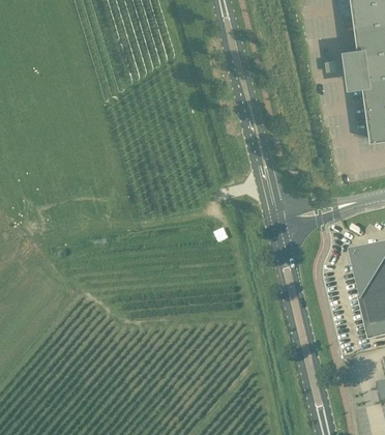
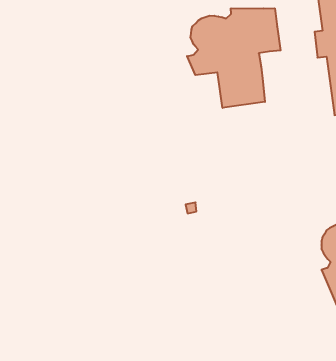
building: none -> [187,8,281,108]

